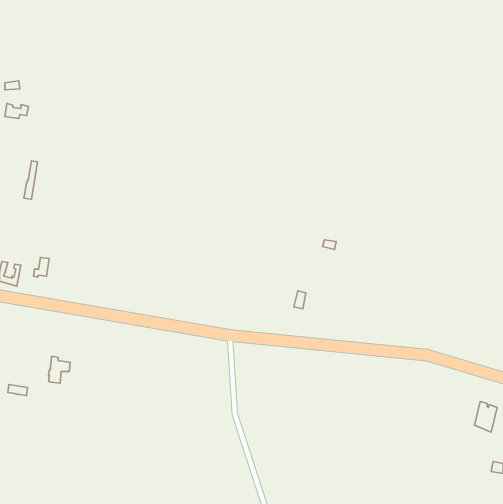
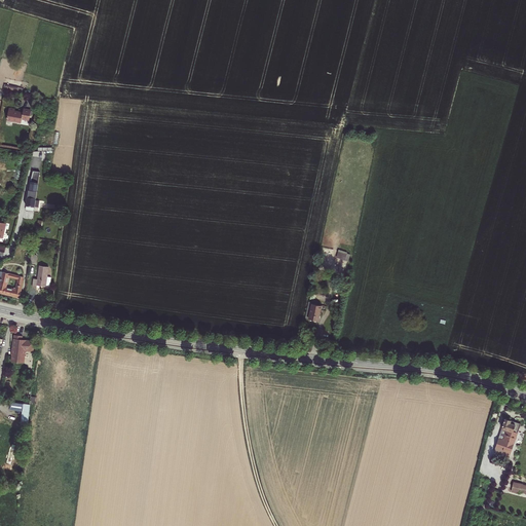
building: [48,357,70,383] -> [10,335,33,363]

